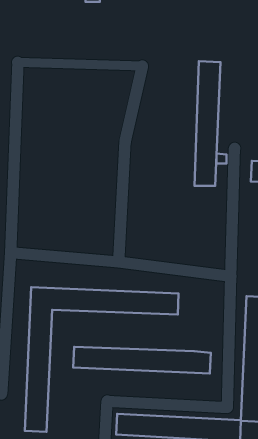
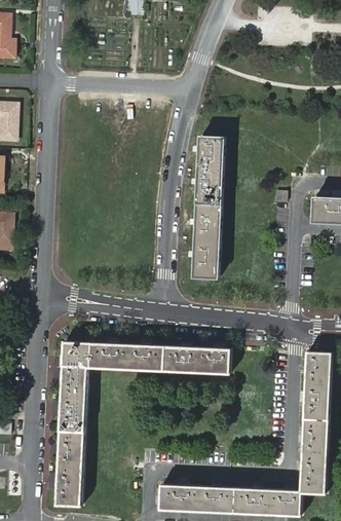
building: [194,61,221,186] -> [193,135,223,276]
building: [73,347,211,374] -> none

